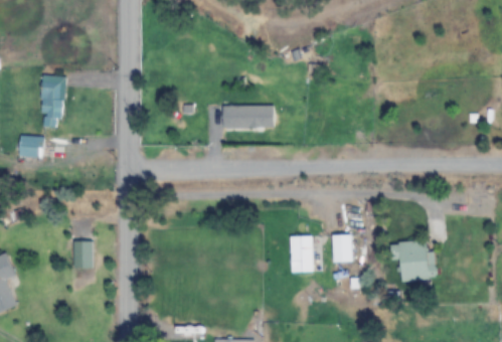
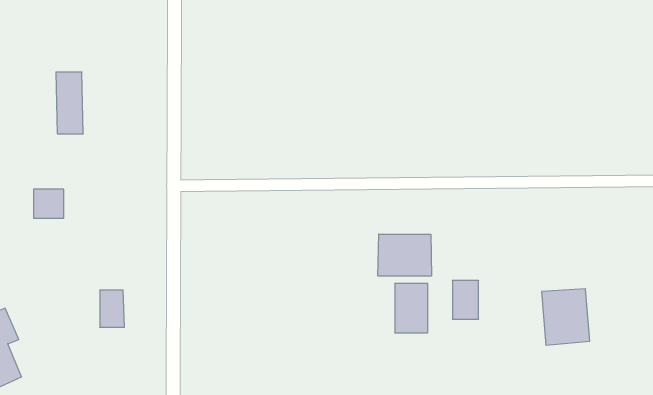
building: [224,105,275,127] -> none
building: [20,136,42,157] -> [34,189,64,218]
building: none -> [378,234,431,276]

